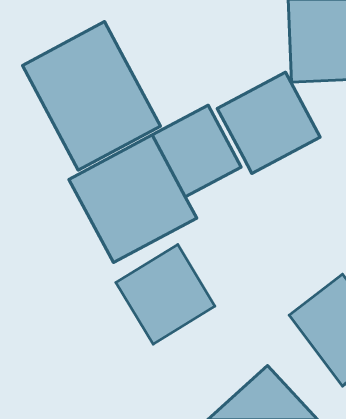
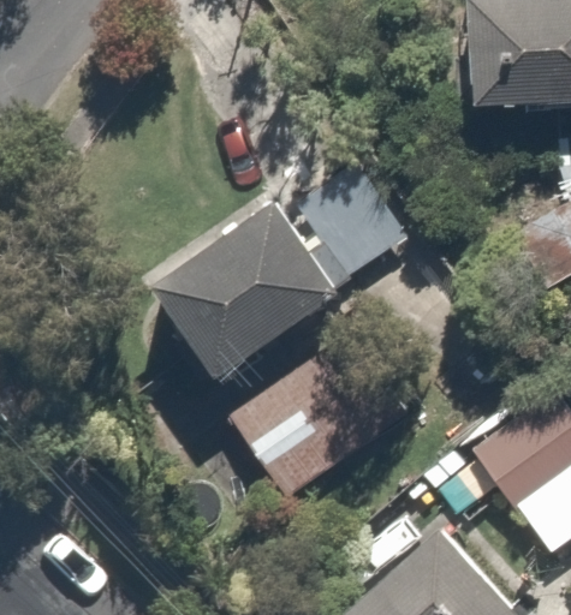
building: [22,22,161,170] -> none
building: [217,72,320,174] -> none

